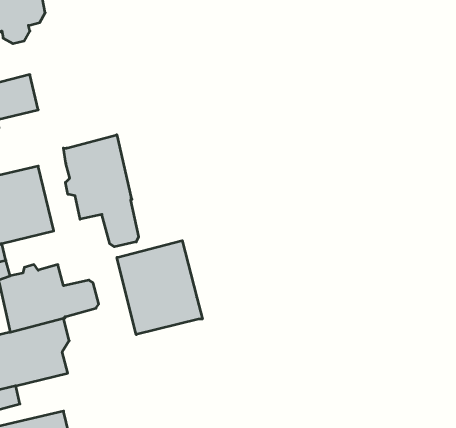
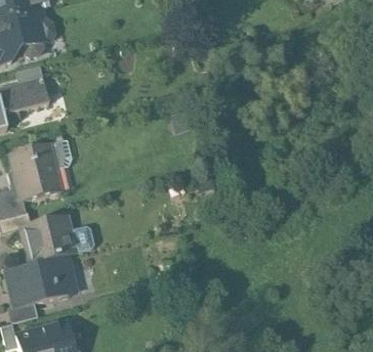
building: [63,135,139,247] -> none
building: [117,241,202,335] -> none

